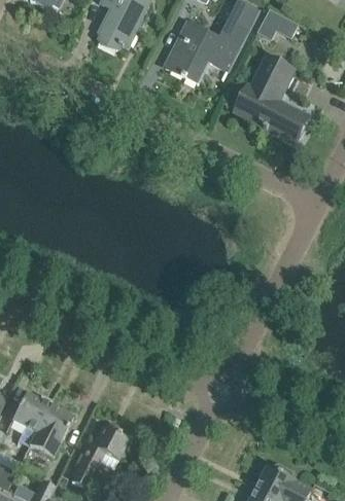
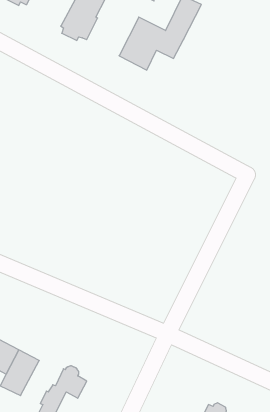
building: [262,8,299,39] -> none
building: [238,58,306,142] -> none

